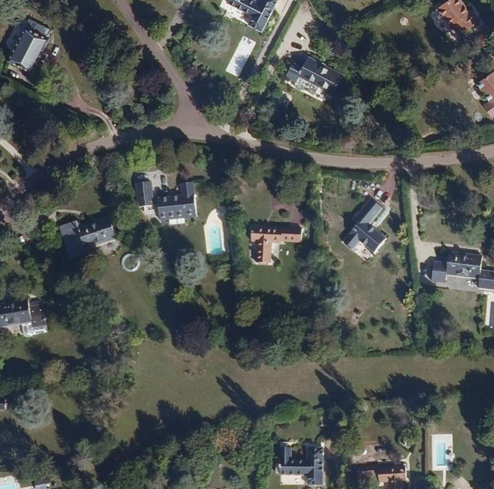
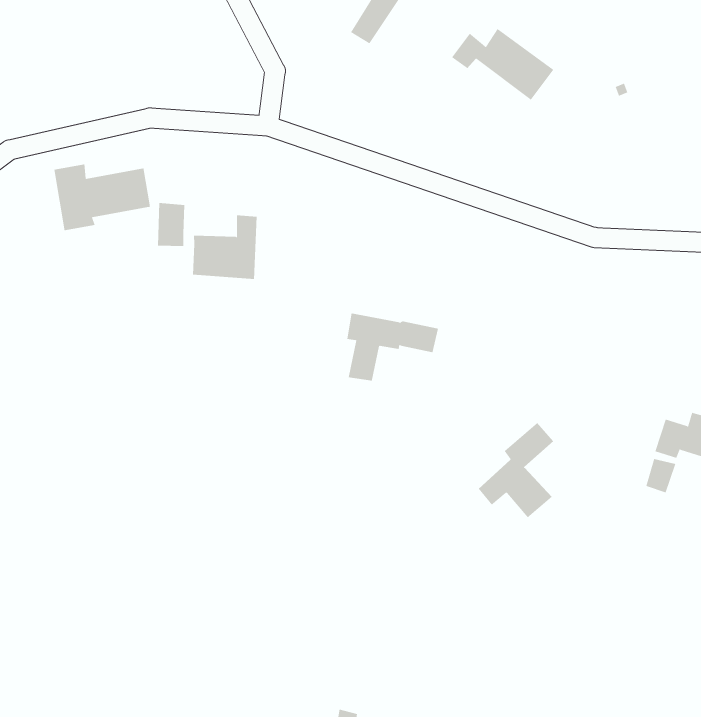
building: [343,199,385,253] -> [478,422,554,518]
building: [58,217,115,259] -> [54,164,151,231]

